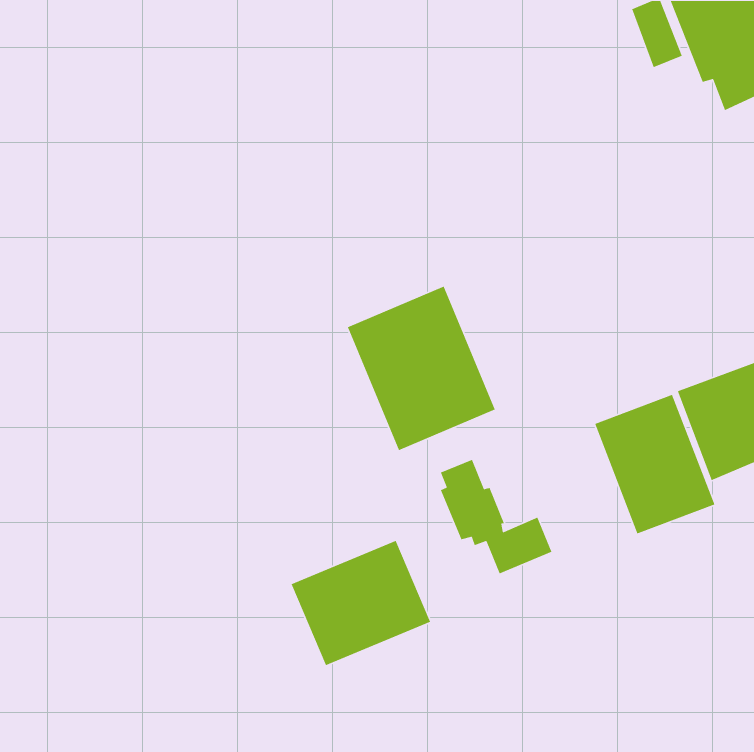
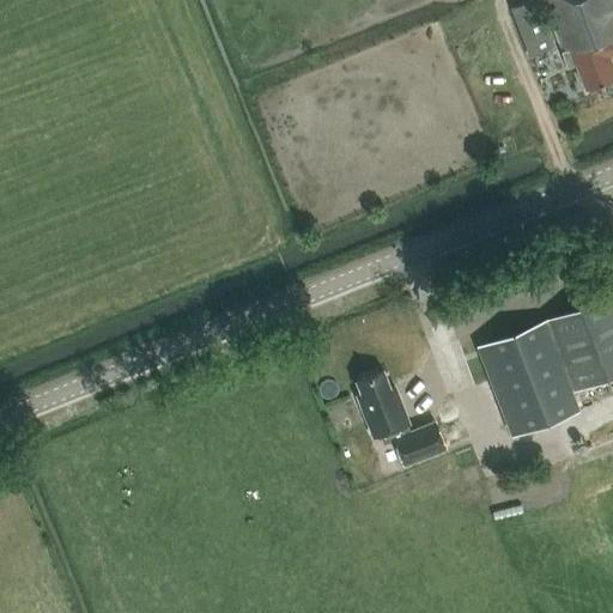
building: [347,285,496,451] -> none
building: [291,540,431,666] -> none

